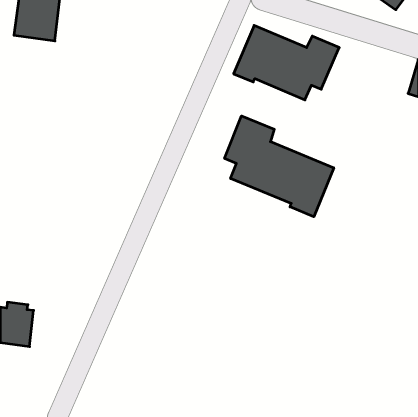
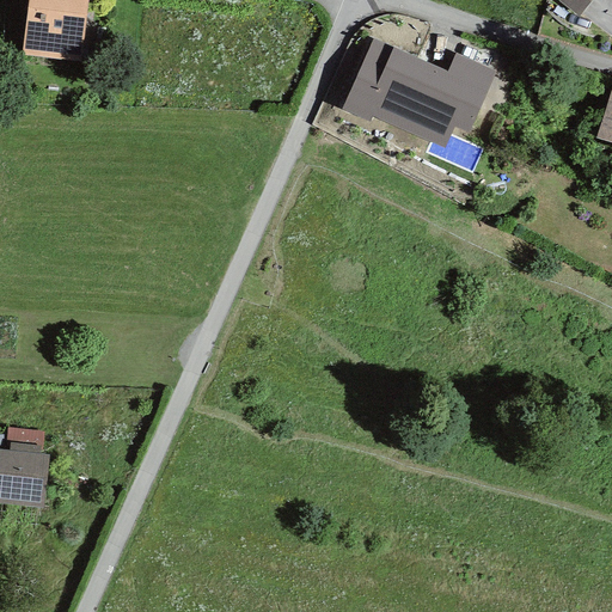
building: [225,116,334,217] -> none

